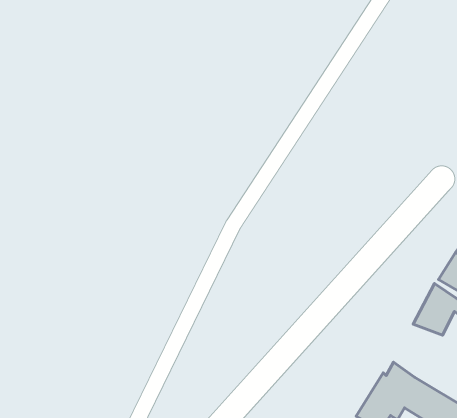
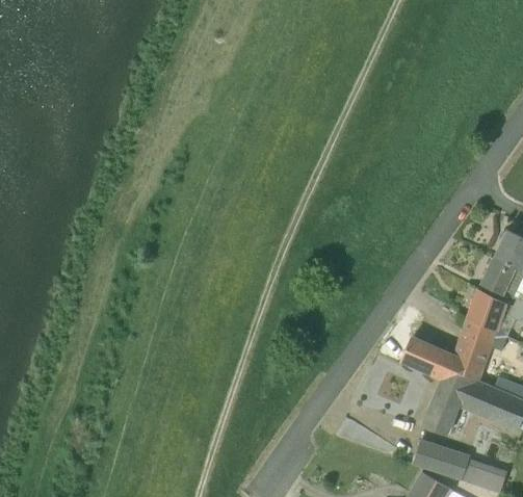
building: none -> [403,331,494,383]

